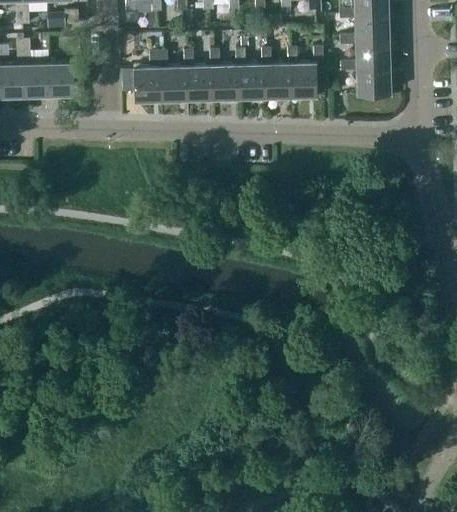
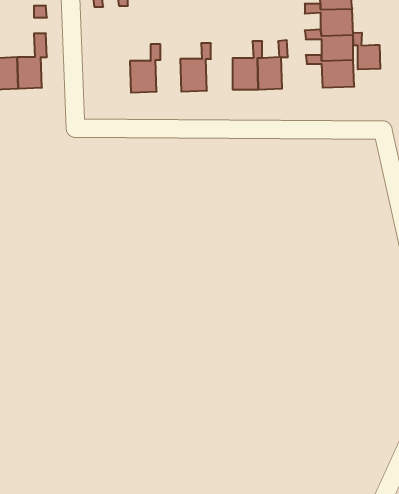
building: none -> [353,33,380,69]
building: [240,50,272,99] -> none
building: [189,51,219,100] -> none
building: [135,53,168,101] -> none

